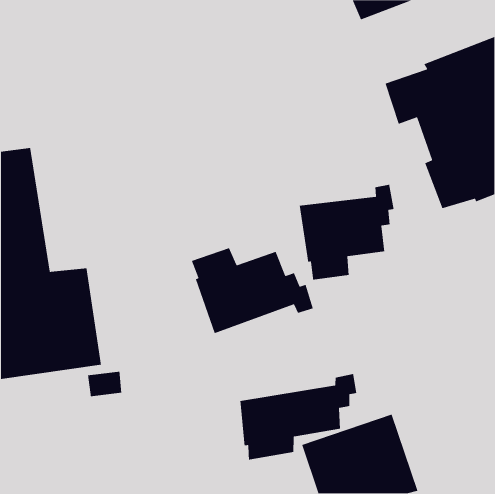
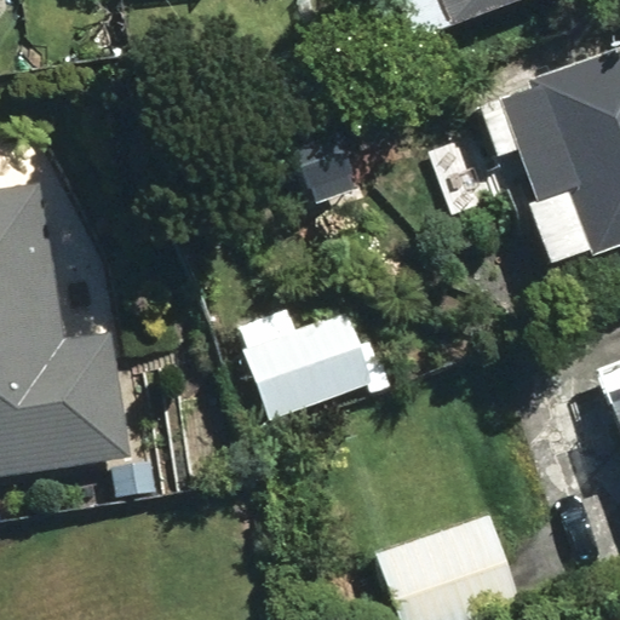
building: [299,184,395,281] -> none
building: [240,373,357,460] -> none

